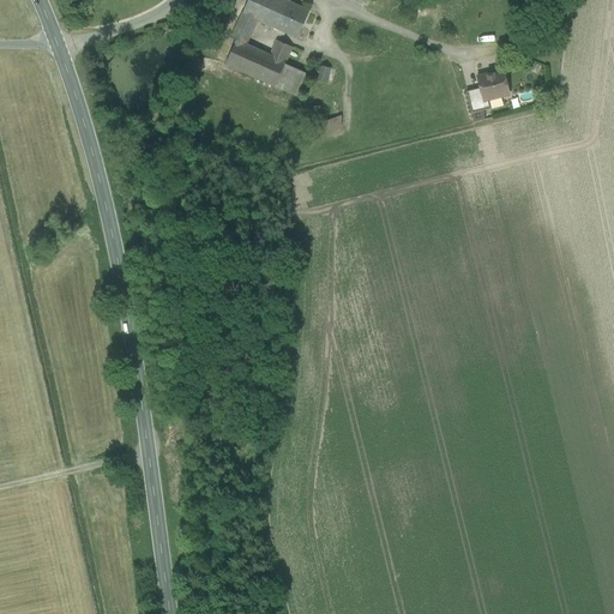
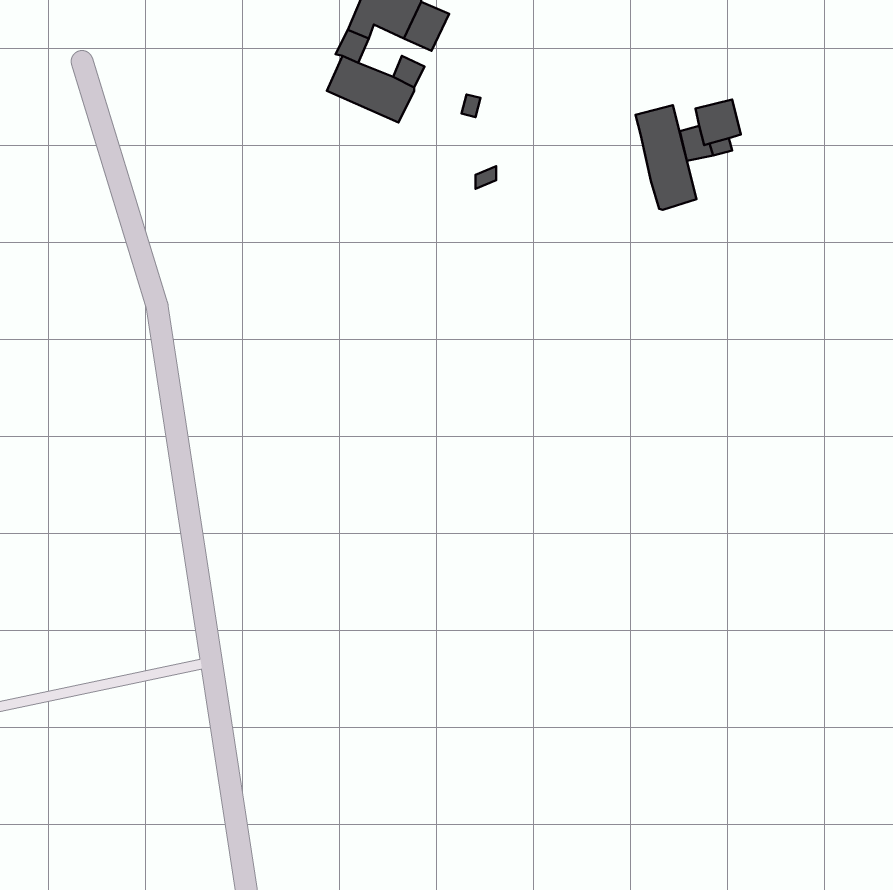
building: [273,62,306,94] -> none
building: none -> [636,105,696,210]

